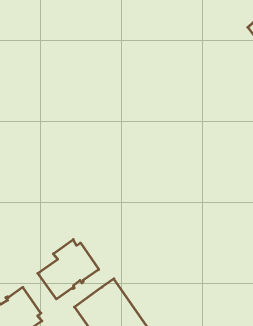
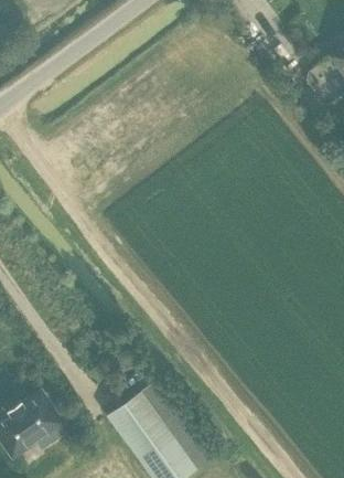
building: [38,239,99,299] -> none

